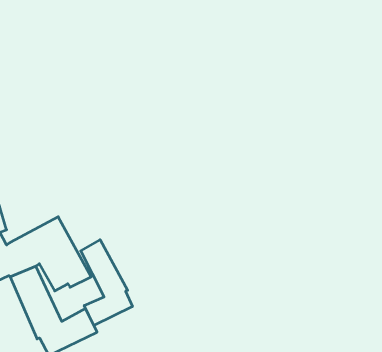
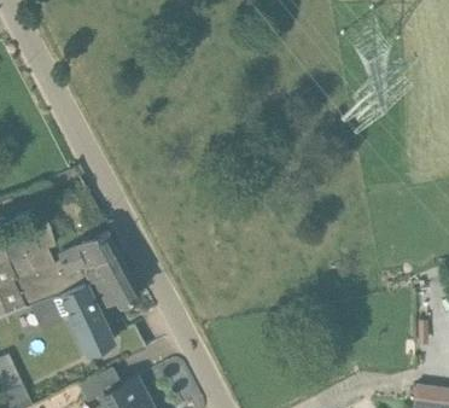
building: [81,240,132,325] -> none

